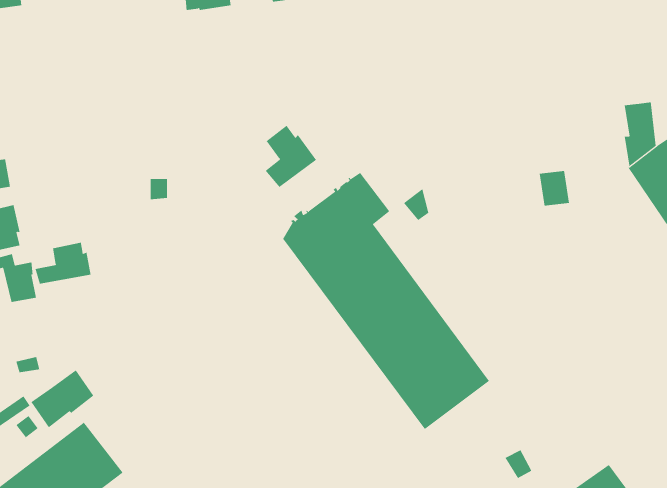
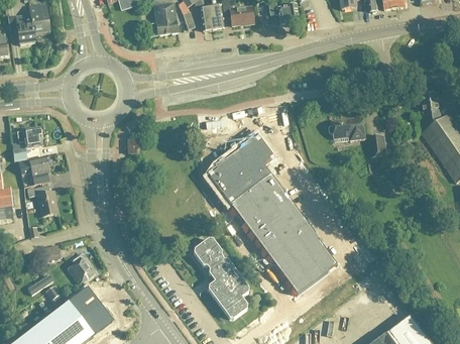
building: [265,125,317,188] -> none
building: none -> [328,116,365,139]
building: [35,242,91,285] -> none
building: none -> [193,238,247,319]

